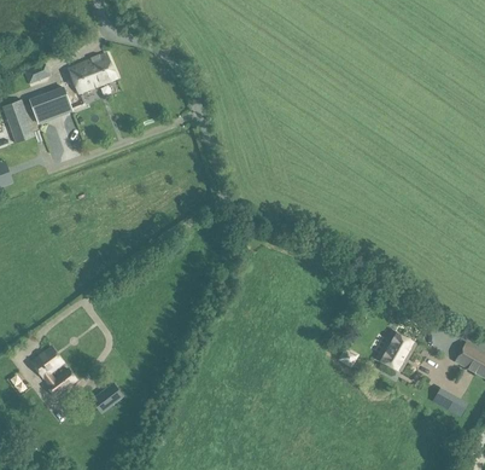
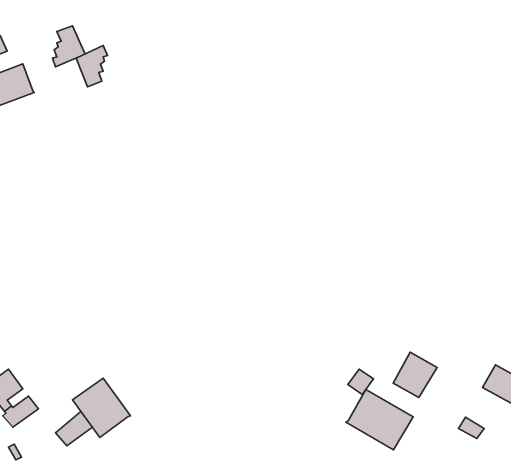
building: [70,58,97,93] -> [76,46,107,87]
building: none -> [72,378,131,438]
building: none -> [346,389,413,450]

